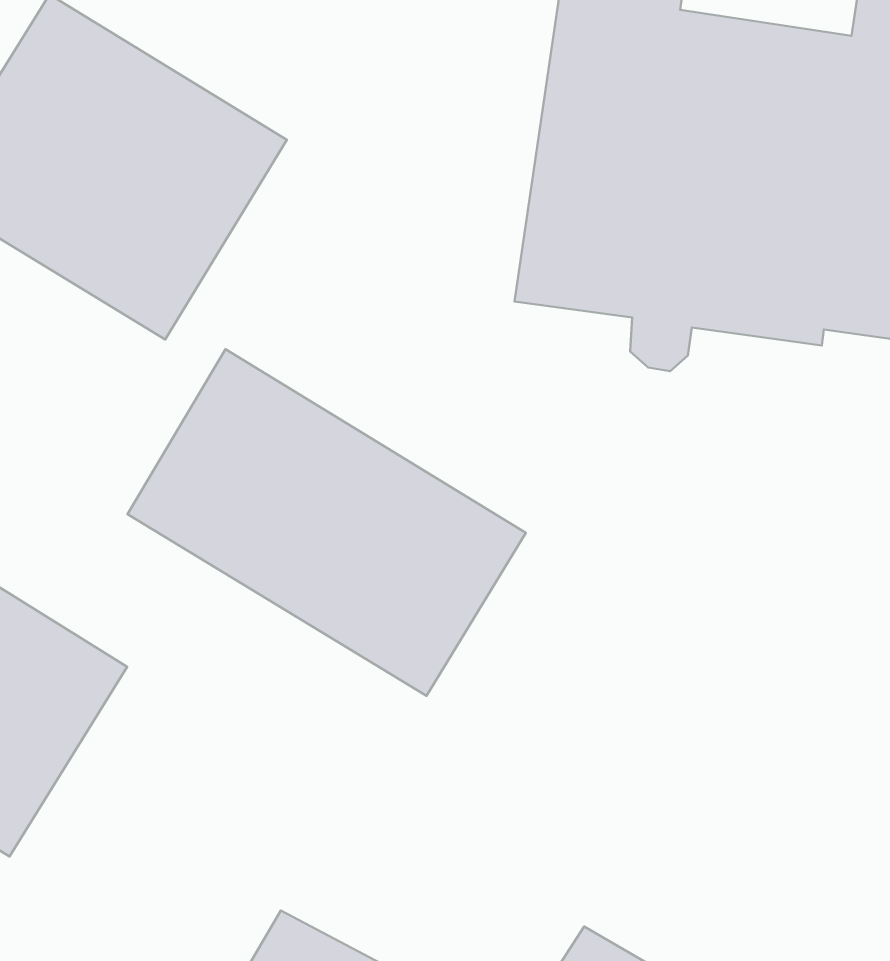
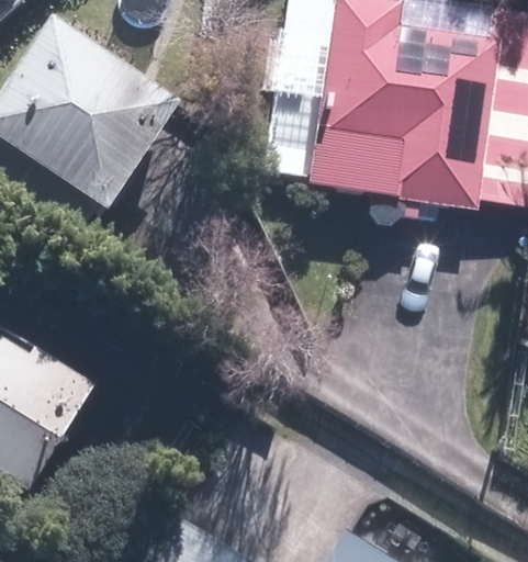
building: [128,349,526,696] -> none

